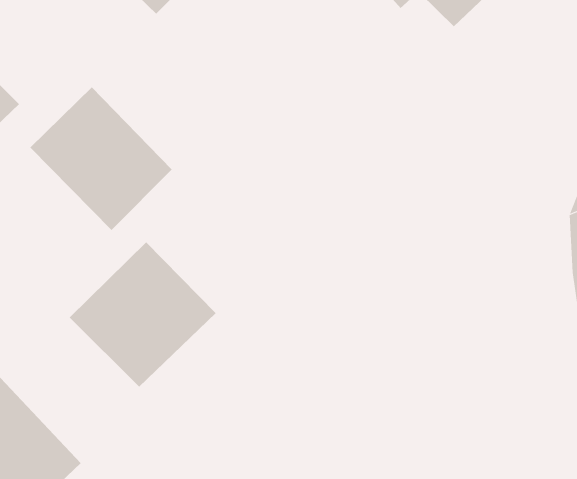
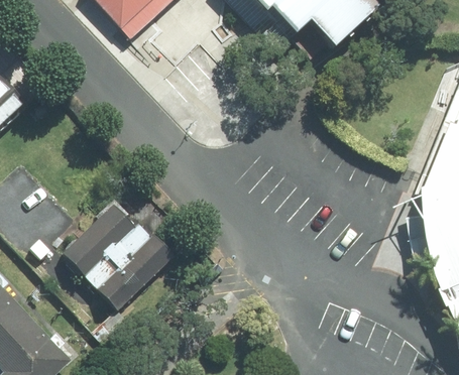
building: [29,86,172,231] -> none

